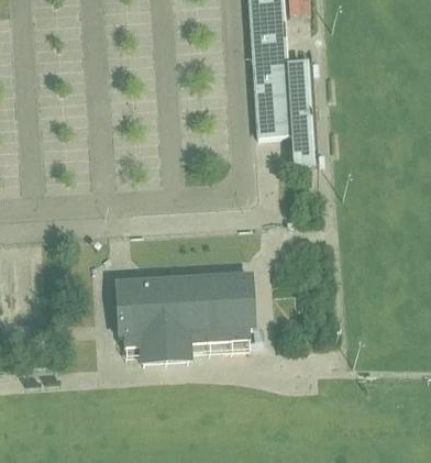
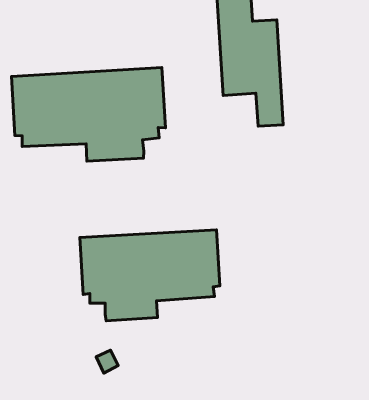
building: none -> [12,68,165,161]

